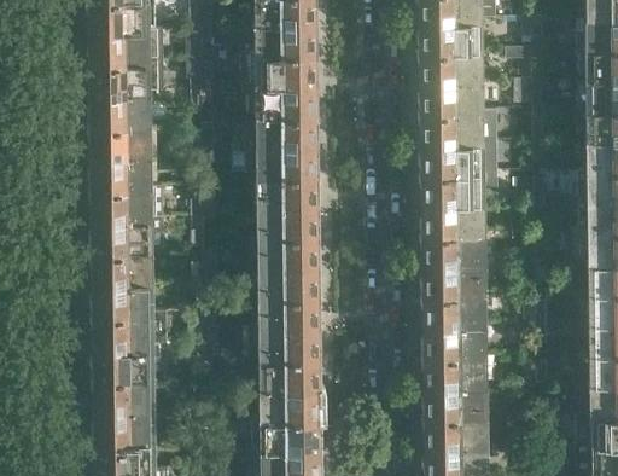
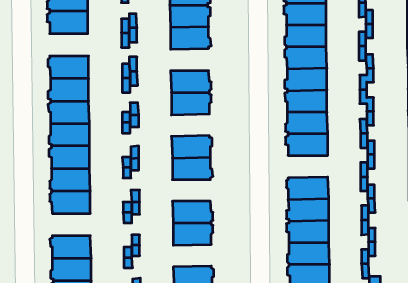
building: [92,88,148,120] -> none
building: [263,109,320,140] -> none
building: [264,201,321,232] -> none
building: [425,259,483,290] -> none
building: [266,292,322,323] -> none
building: [94,339,151,371] -> none
building: [267,383,323,414] -> none

